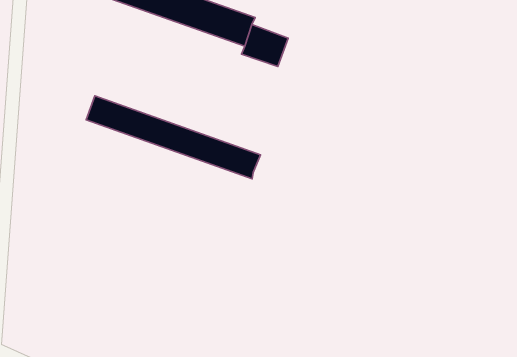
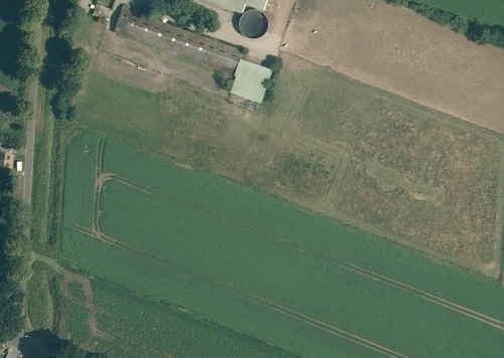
building: [86,96,261,179] -> none

